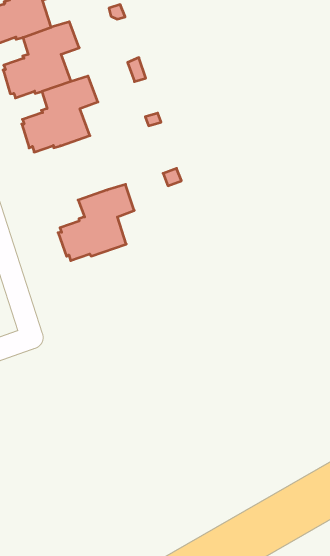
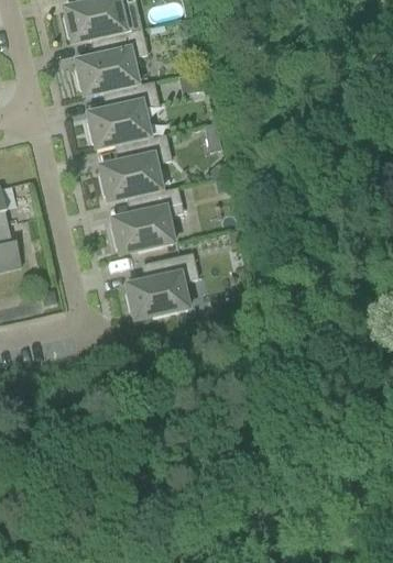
building: none -> [98,133,172,199]
building: none -> [125,251,199,317]

